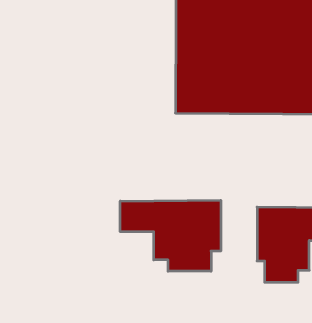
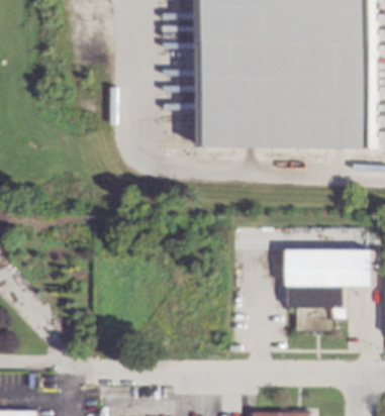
building: [120,200,221,271] -> none

